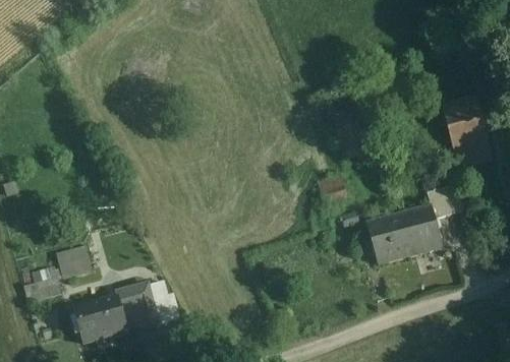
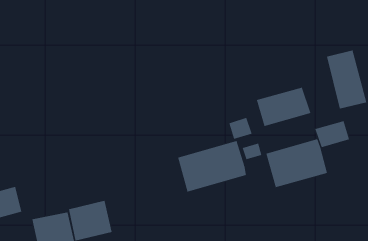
building: none -> [256,87,311,127]
building: none -> [177,140,247,192]
building: [57,244,90,275] -> none

